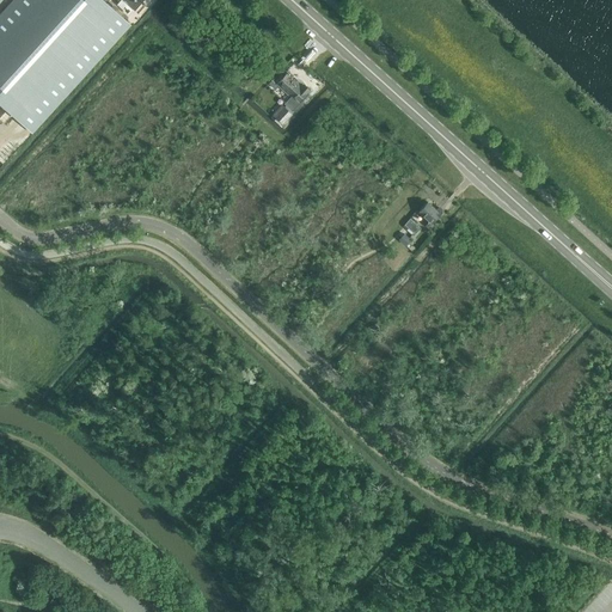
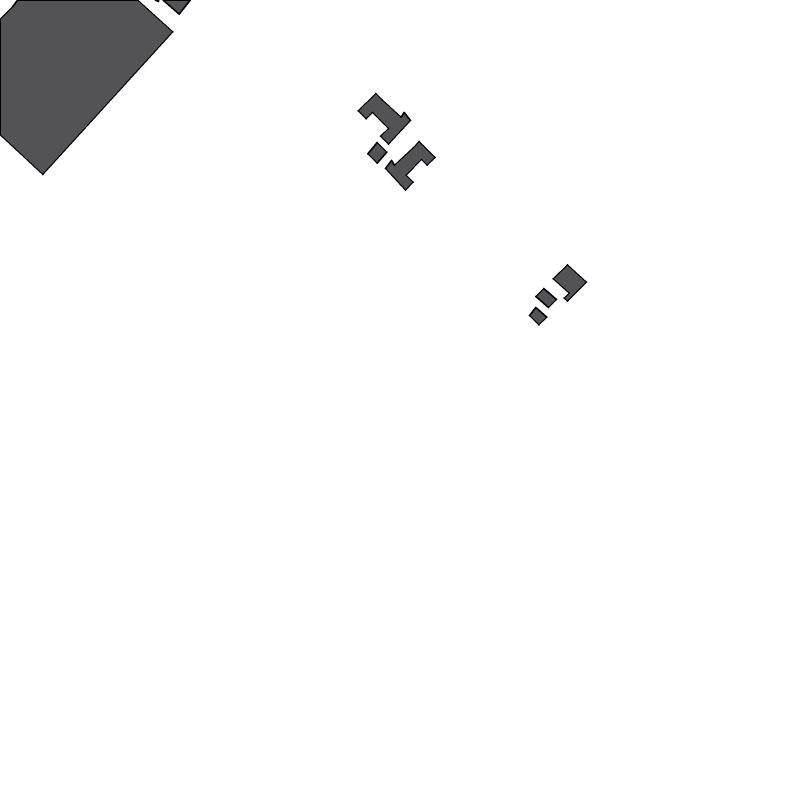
building: none -> [385,142,435,190]

